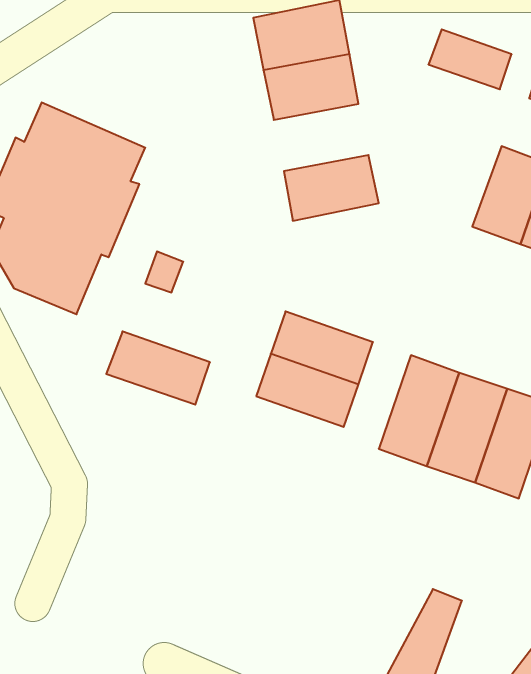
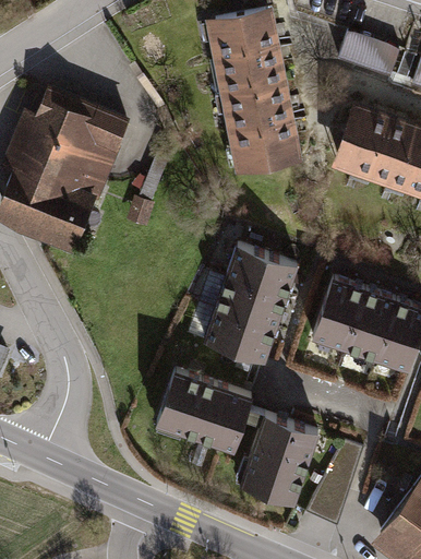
building: none -> [222,86,293,136]
building: none -> [334,105,393,178]
building: [106,331,210,405] -> [197,305,275,359]
building: none -> [155,372,320,504]

